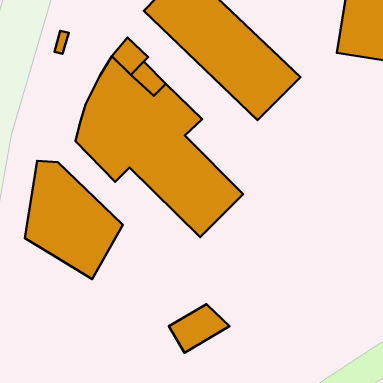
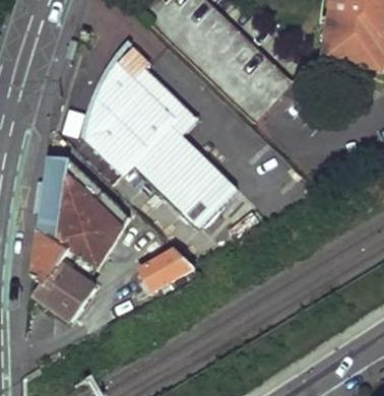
building: none -> [28,228,93,321]
building: [169,304,230,353] -> [137,248,193,292]

